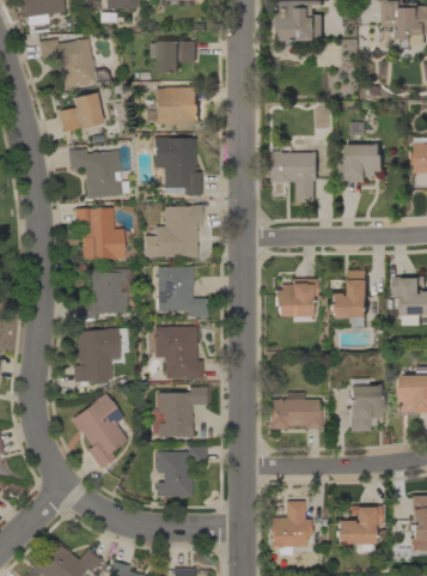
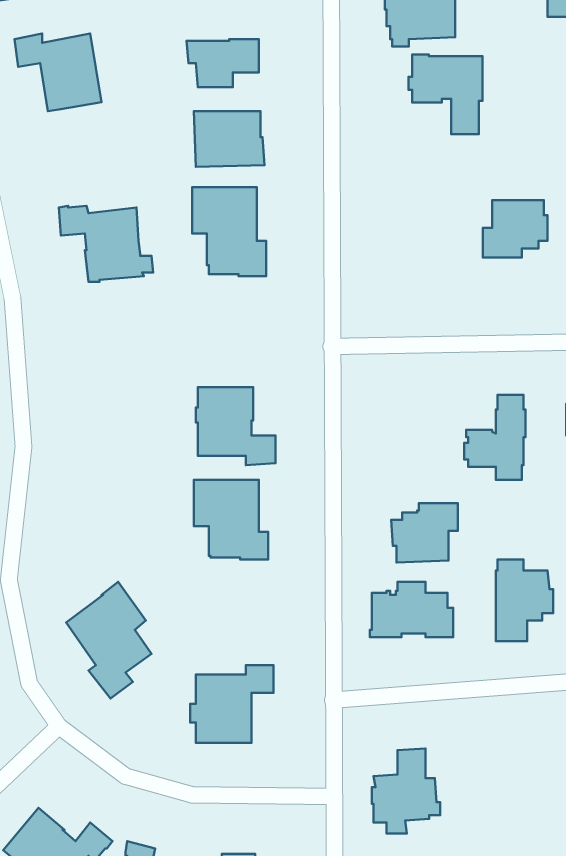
building: [59,91,103,131] -> none
building: [272,151,319,202] -> [409,54,483,134]
building: [145,204,203,256] -> none
building: [75,206,126,257] -> none
building: [78,268,132,320] -> none
building: [275,278,318,316] -> [391,503,458,562]
building: [73,327,128,386] -> none
building: [152,386,208,436] -> none
building: [337,504,383,551] -> none

